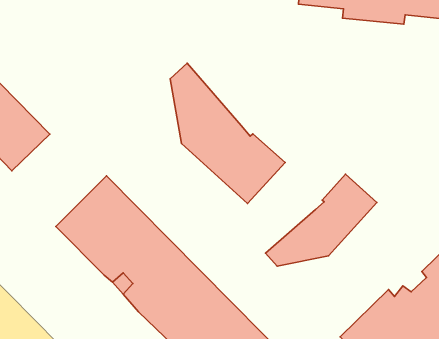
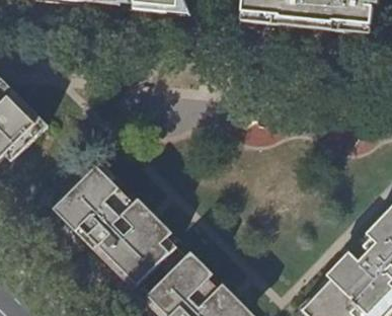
building: [170,63,285,203] -> none
building: [265,174,377,266] -> none

